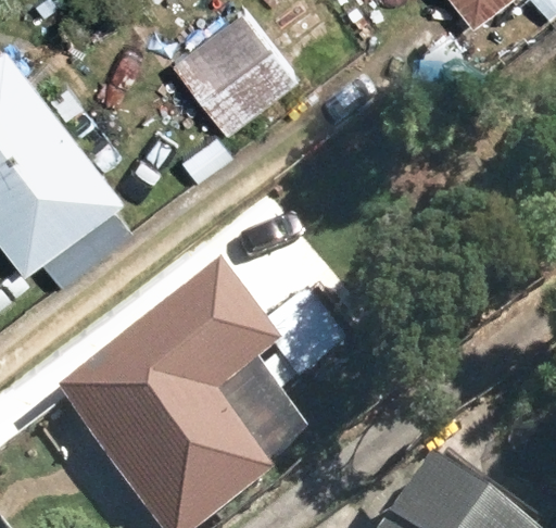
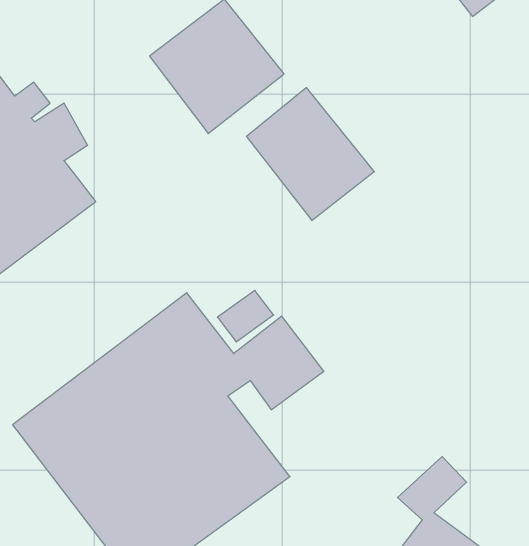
building: none -> [247,88,374,221]

